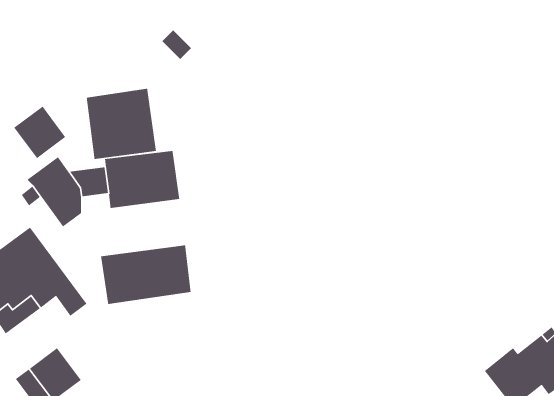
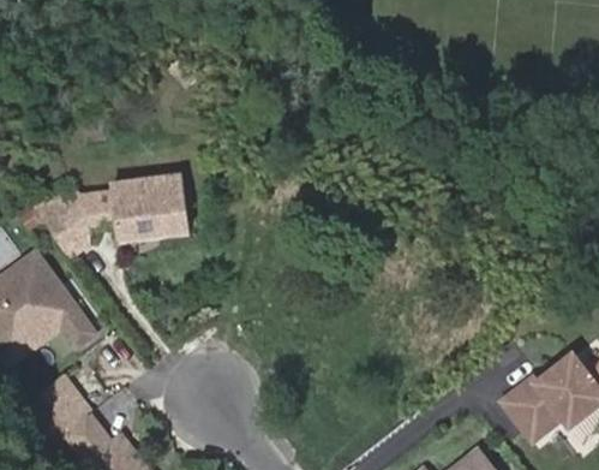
building: [86,88,157,160] -> none
building: [13,105,66,159] -> none
building: [100,244,192,305] -> none

